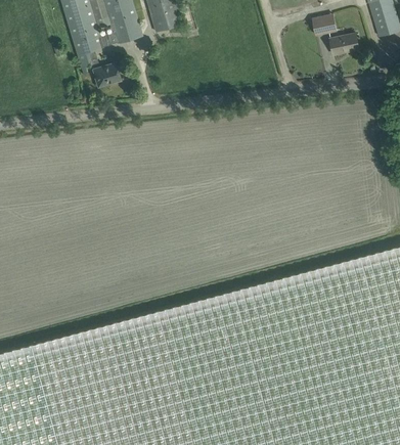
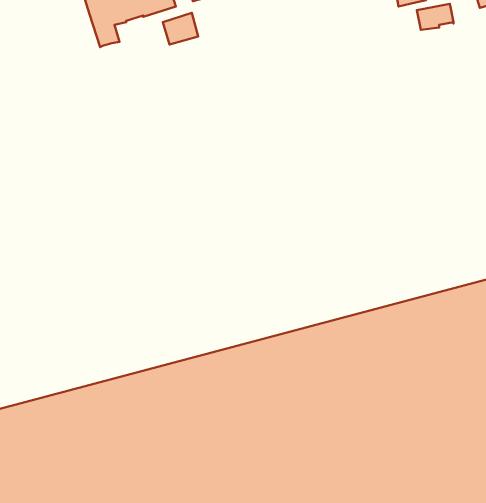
building: [93,64,121,89] -> [163,13,198,44]

